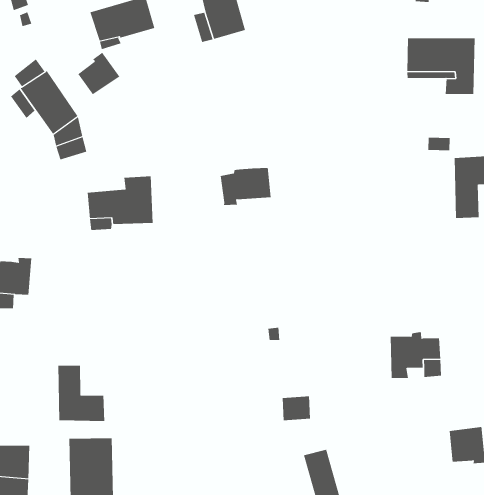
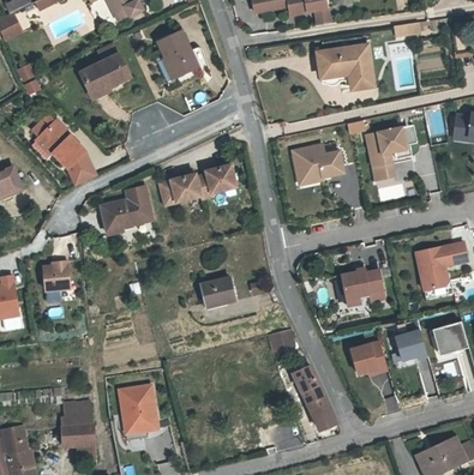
building: [77,52,120,95] -> none
building: none -> [292,144,343,182]
building: none -> [157,173,202,205]
building: none -> [202,277,234,306]
building: [58,365,105,422] -> none
building: none -> [350,341,388,373]

